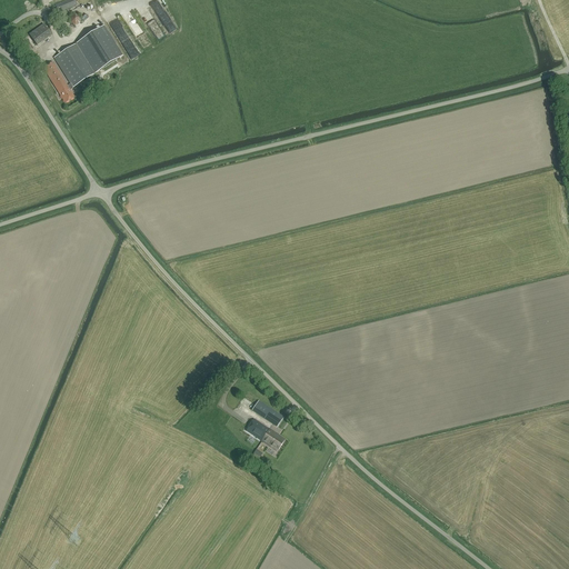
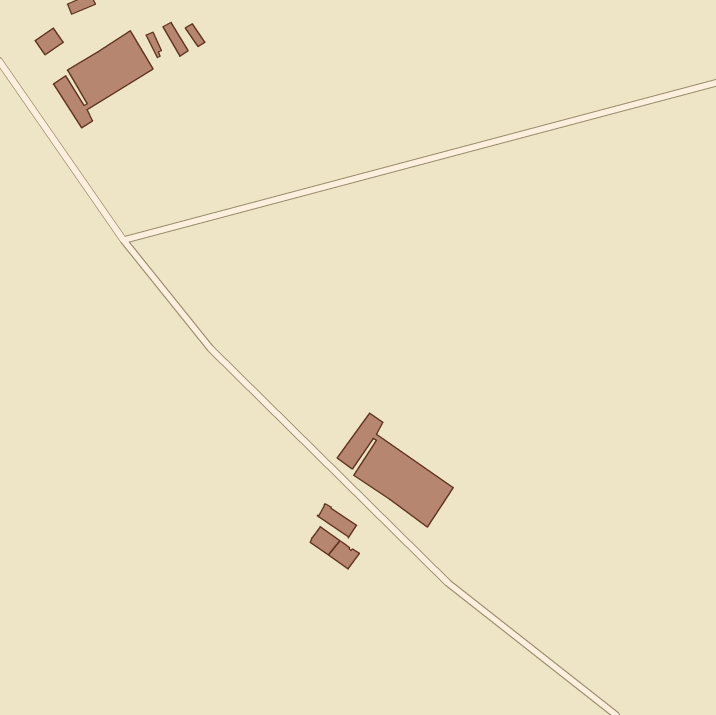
building: none -> [337,413,453,527]

